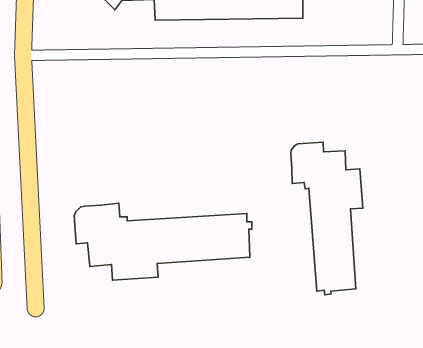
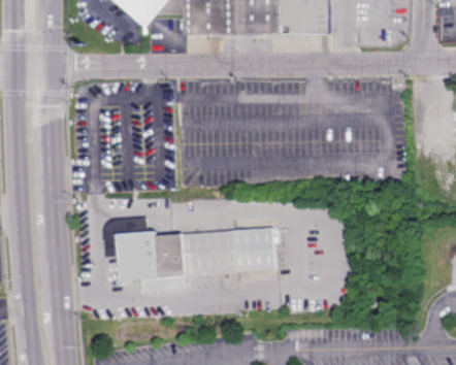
building: [291,142,363,295] -> none

